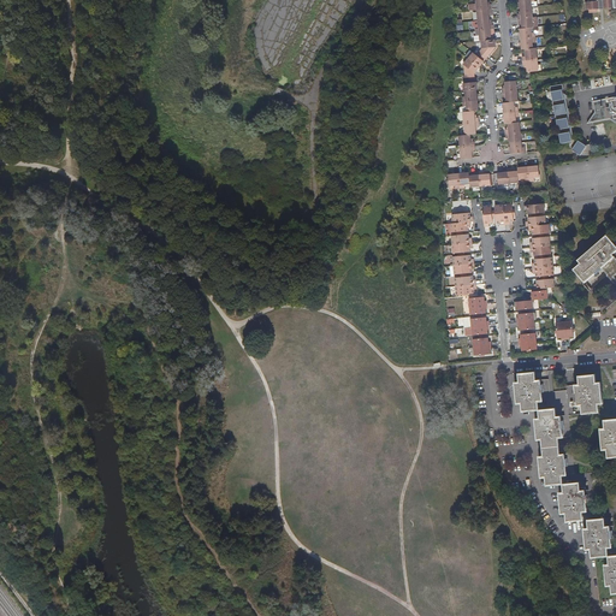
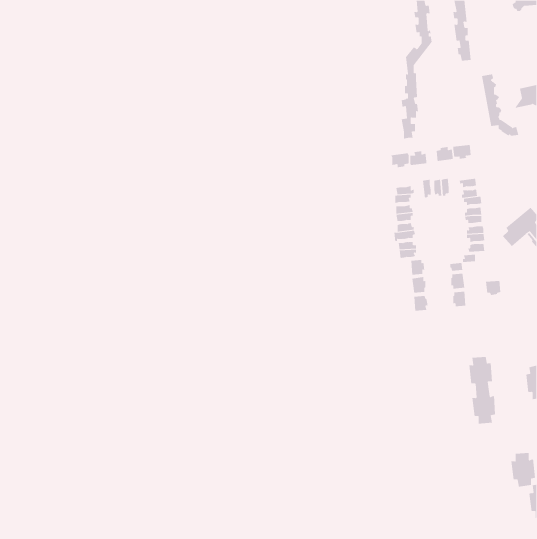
building: [502,82,526,154] -> none
building: [514,369,543,409] -> none
building: [574,372,602,411] -> none
building: [558,480,586,520] -> none

